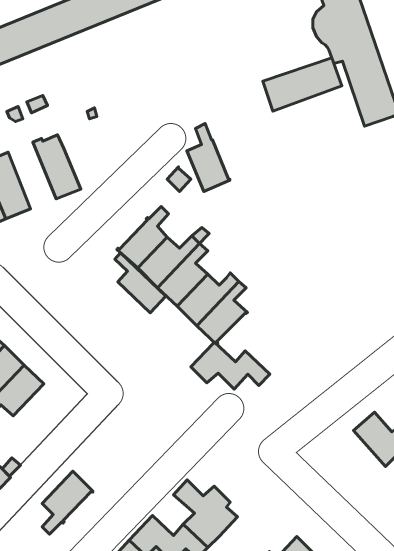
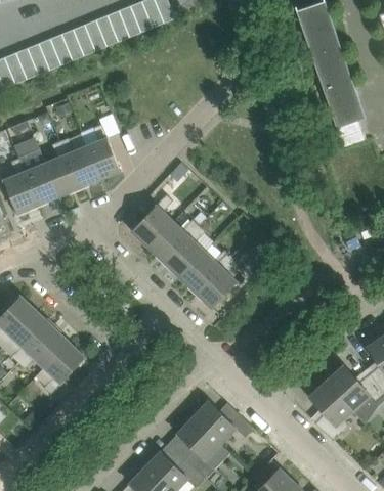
building: [263,58,342,111] -> none
building: [187,124,230,191] -> [85,124,121,180]
building: none -> [39,141,79,196]
building: [115,253,166,313] -> none
building: [191,342,270,389] -> [187,401,253,440]
building: none -> [308,381,352,441]
building: [42,471,93,534] -> [43,342,85,394]

